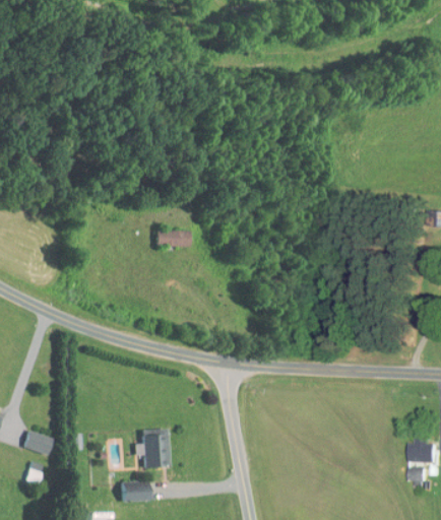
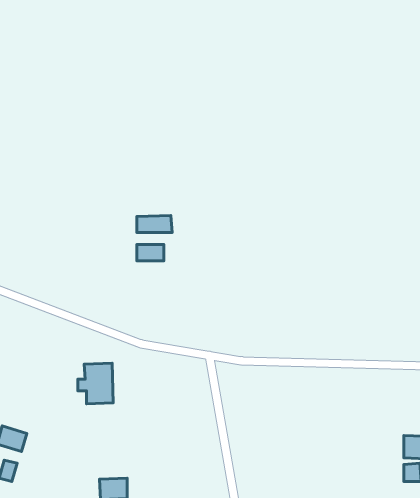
building: none -> [137,244,164,261]
building: [135,428,169,466] -> [78,363,113,404]

